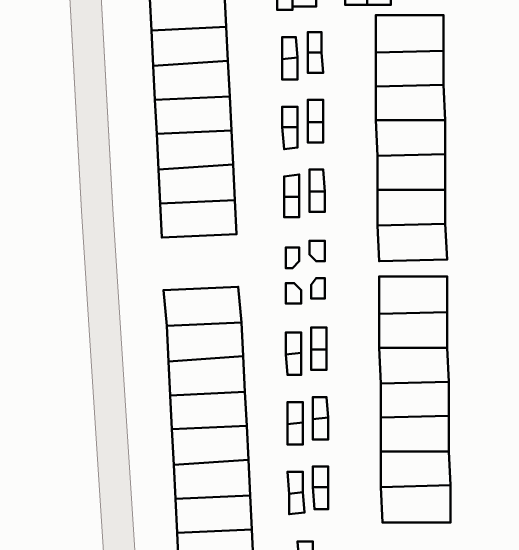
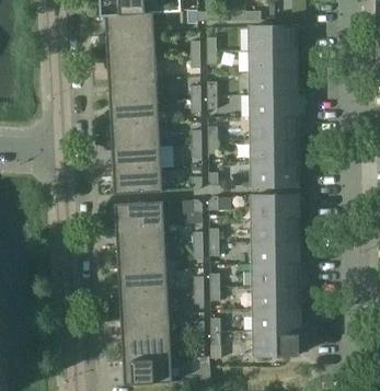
building: none -> [113,168,162,194]

